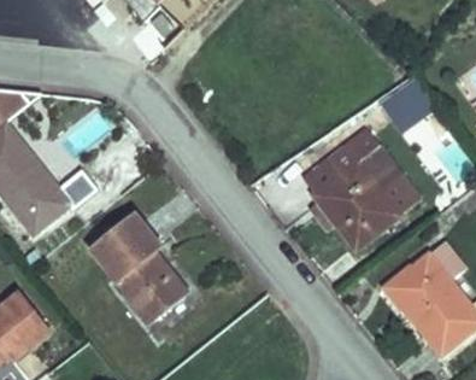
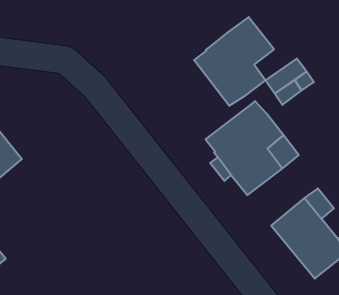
building: none -> [194,17,274,106]
building: [92,216,184,321] -> none

